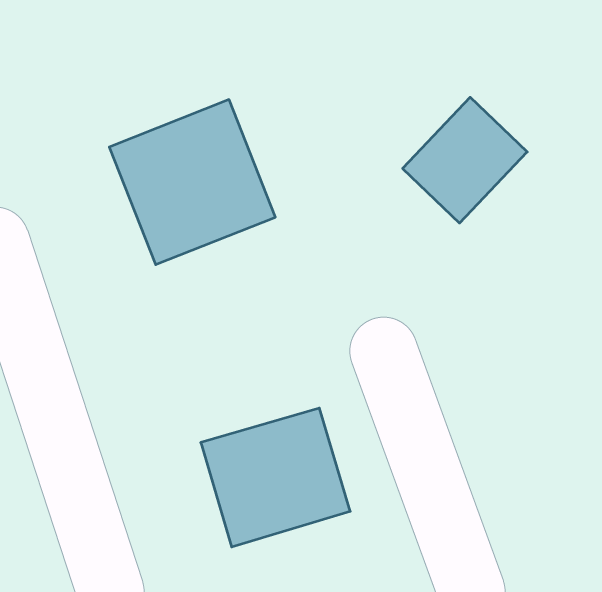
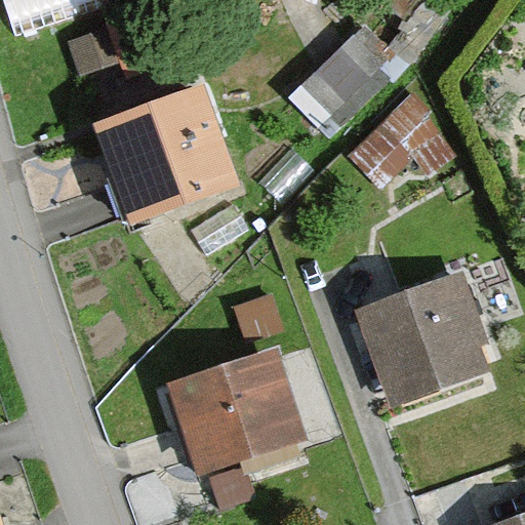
building: none -> [291,18,395,122]
building: none -> [358,278,490,405]

